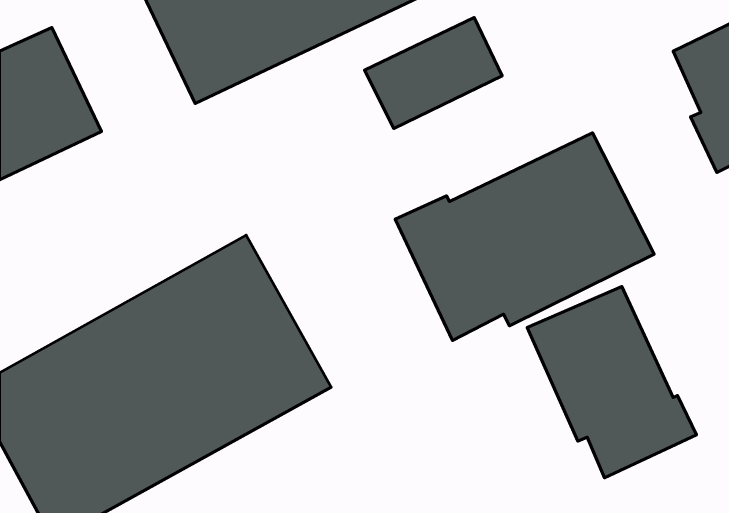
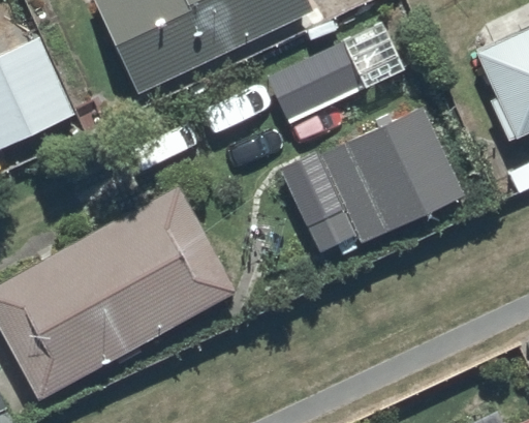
building: [527,286,696,478] -> none

